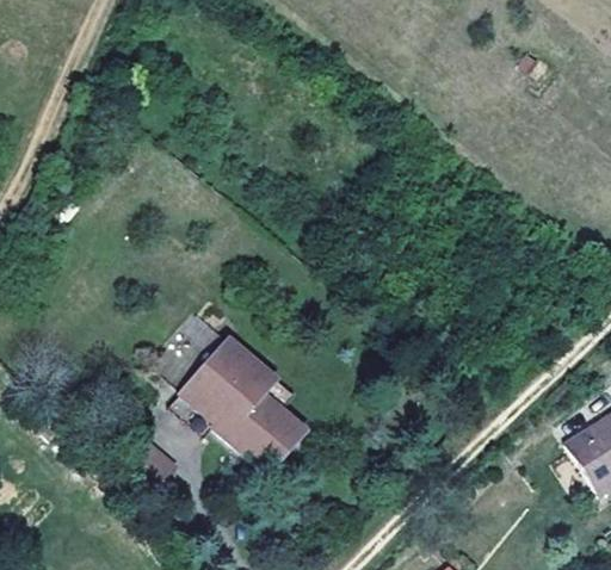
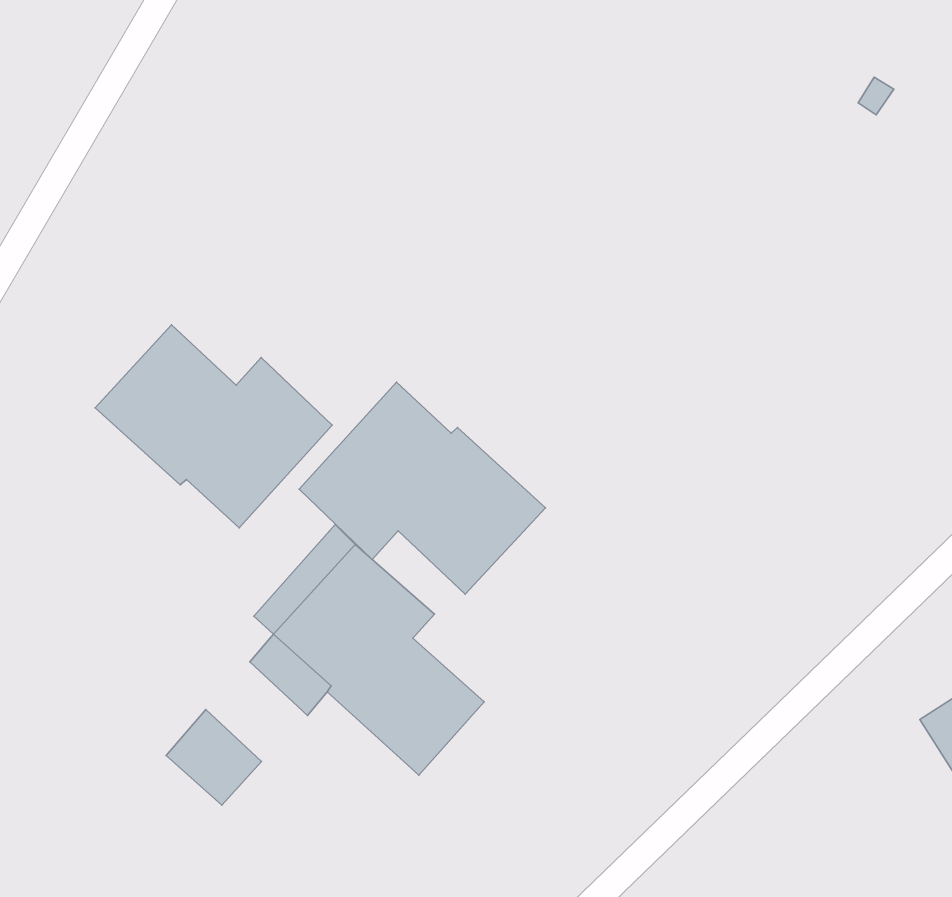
building: none -> [95,325,332,528]
building: none -> [299,382,545,594]

